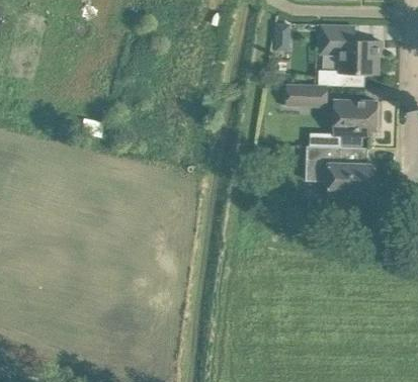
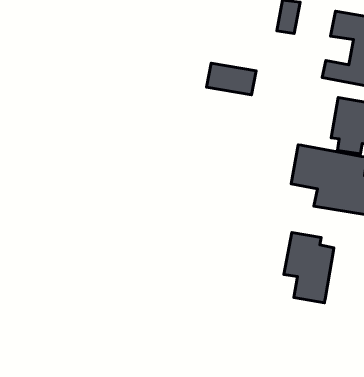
building: [285,83,326,105] -> [207,63,256,95]
building: none -> [284,232,334,303]

